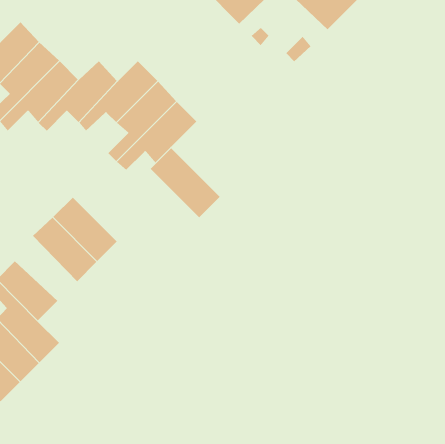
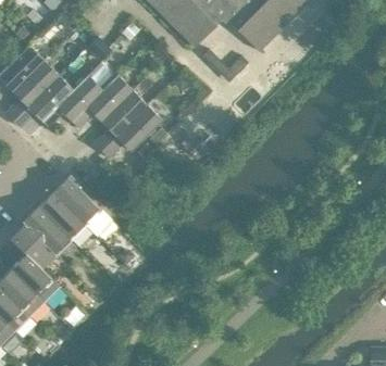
building: [150,147,220,218] -> none
building: none -> [23,205,72,254]

